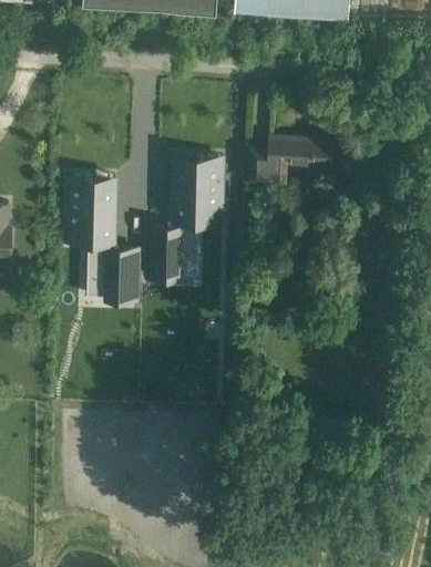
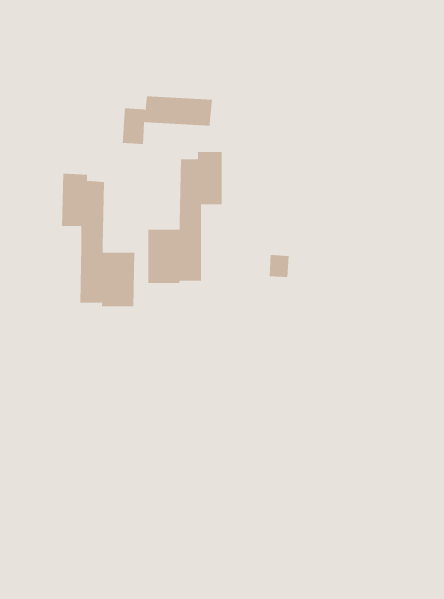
building: [250,137,333,182] -> [122,96,213,144]

